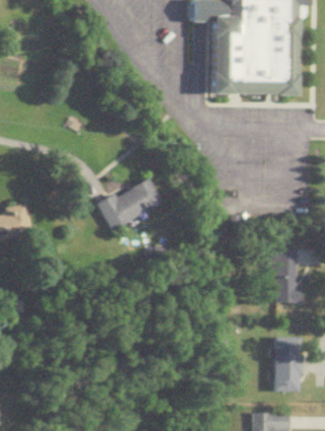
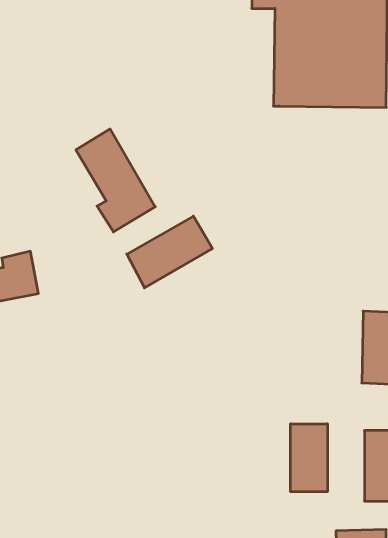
building: none -> [76,129,155,232]
building: none -> [291,424,327,492]

